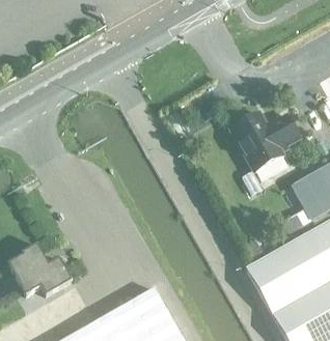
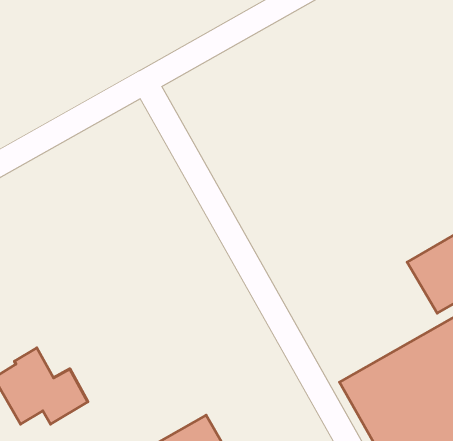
building: [229,113,300,172] -> none

